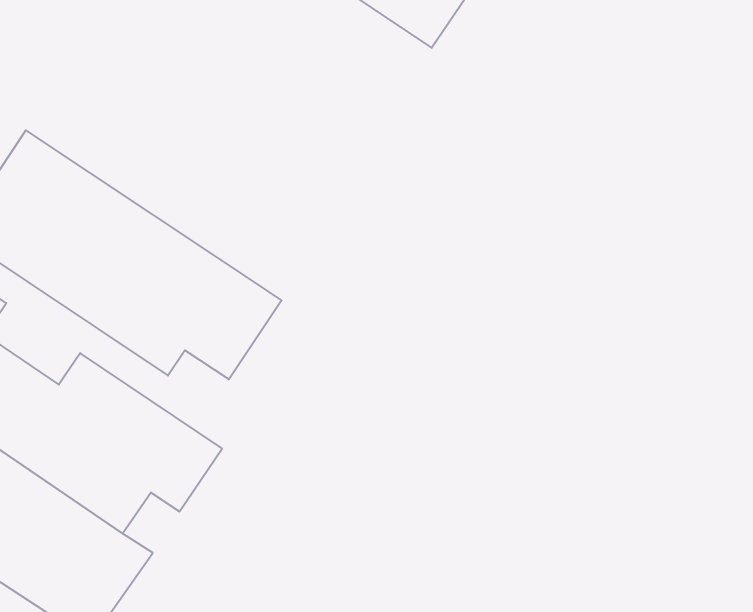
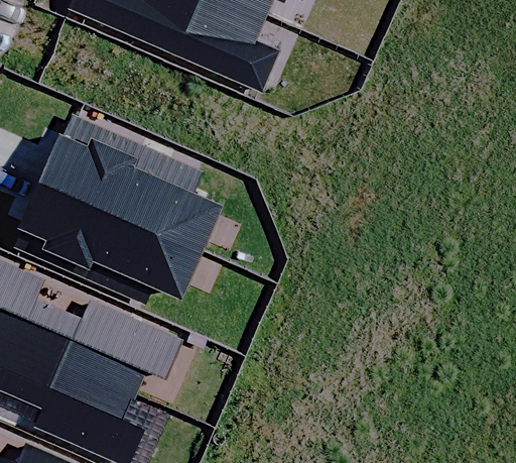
building: none -> [41,110,224,246]

